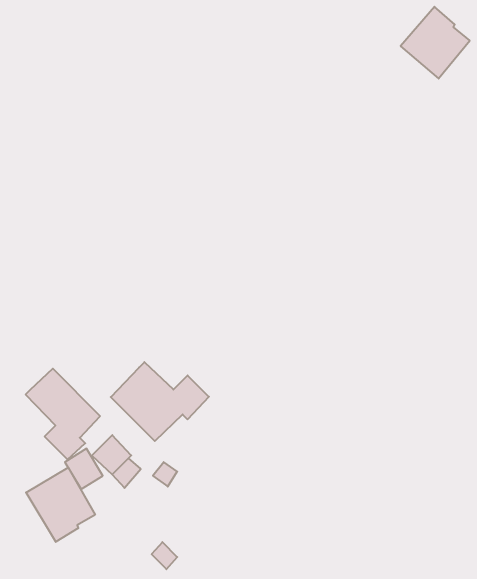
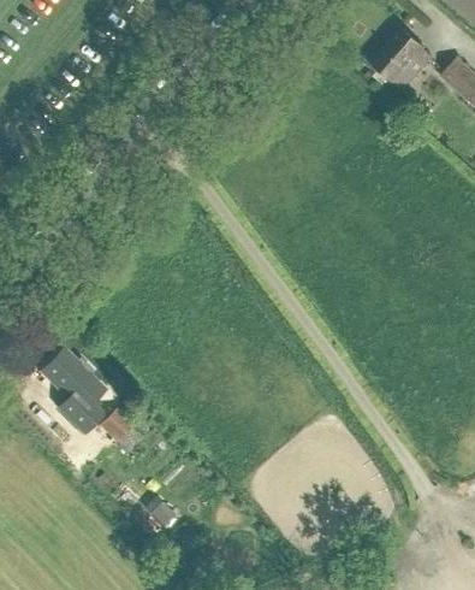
building: [111,362,209,441] -> none
building: [26,467,95,542] -> none

